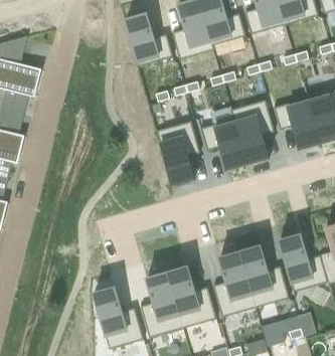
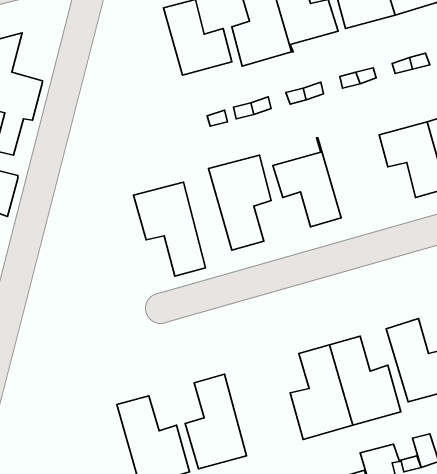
building: [230,100,273,164] -> none
building: none -> [133,182,206,276]
building: [166,265,215,328] -> none

